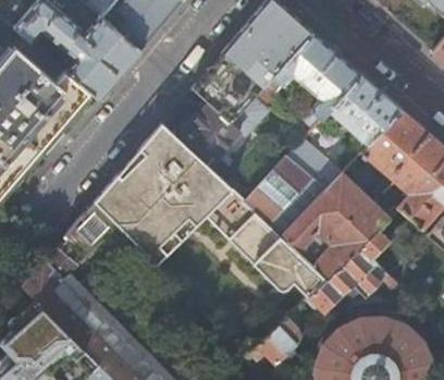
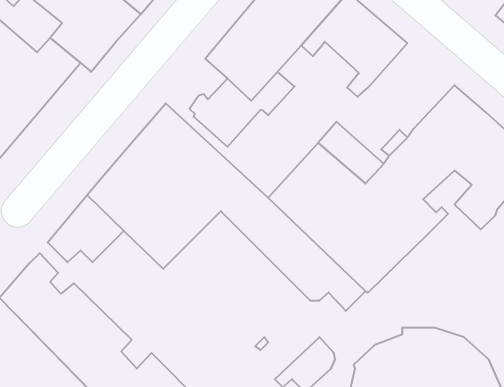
building: [329,74,400,145] -> none
building: [308,232,390,315] -> none

